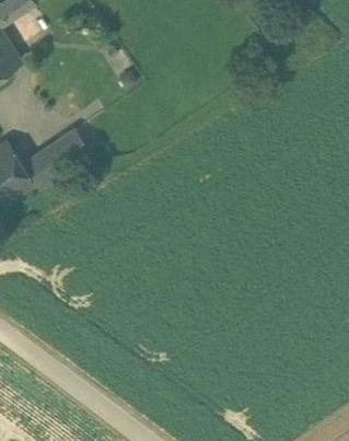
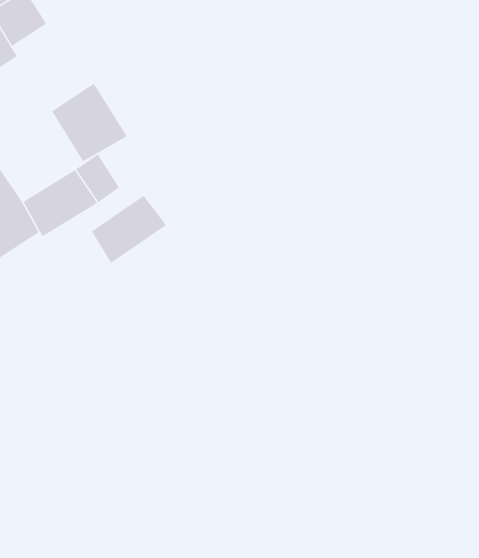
building: none -> [51,83,128,162]
building: none -> [91,195,167,264]

